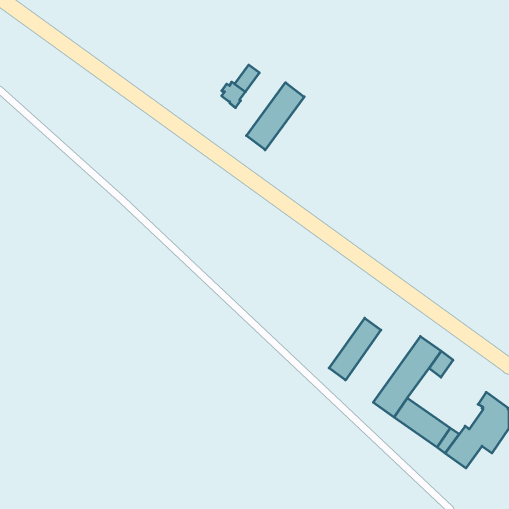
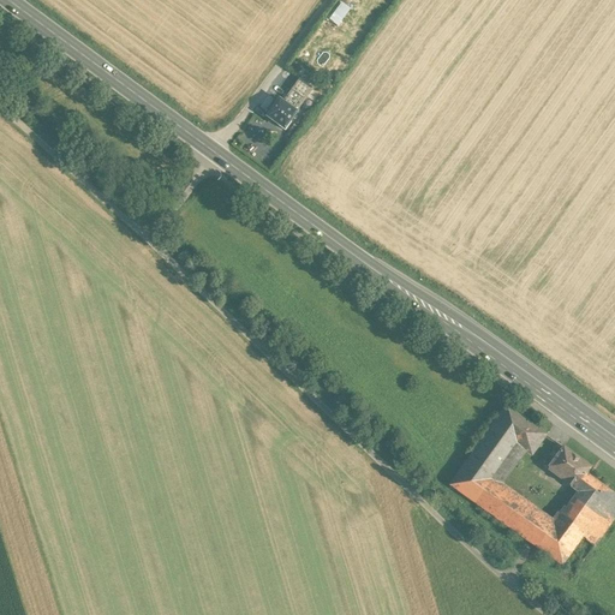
building: [246,83,304,150] -> none
building: [329,318,381,380] -> none
building: none -> [548,446,590,486]

